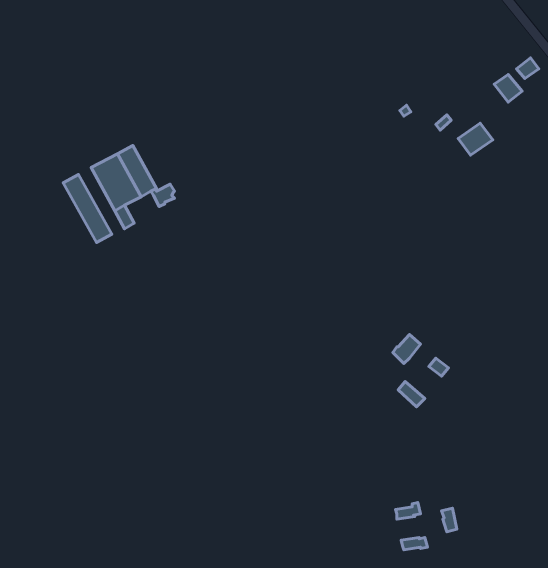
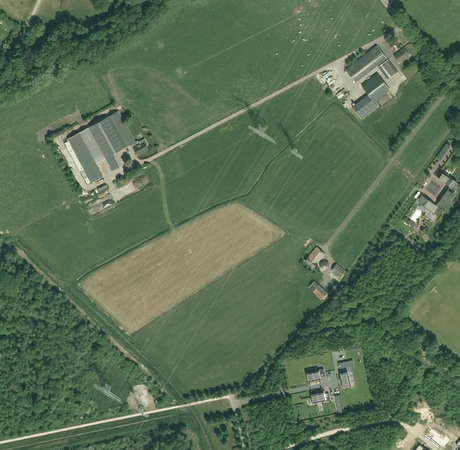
building: none -> [345,46,386,82]
building: none -> [361,74,389,101]

